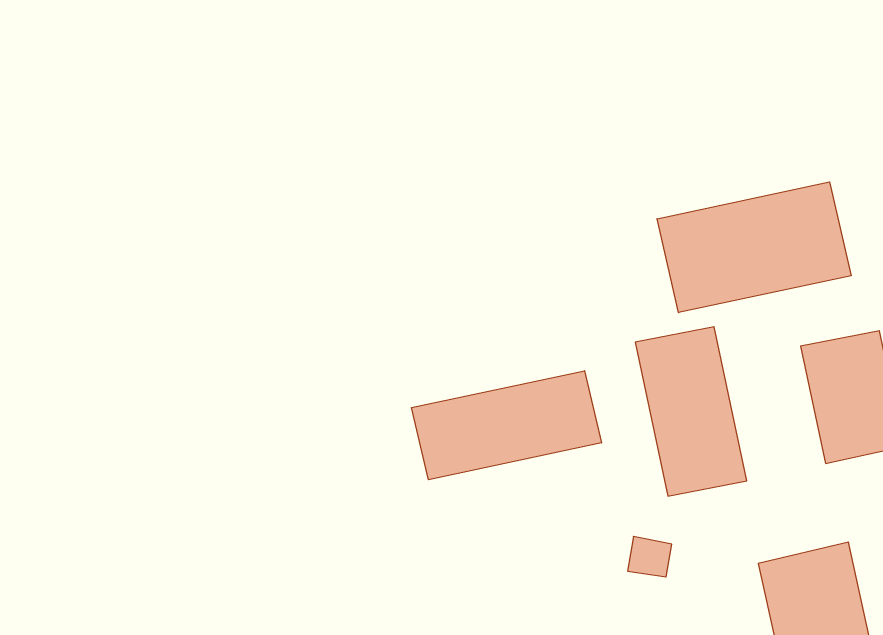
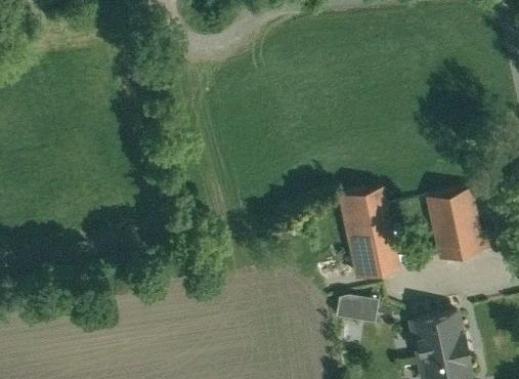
building: [657,182,851,313] -> none
building: [412,371,601,480] -> none

